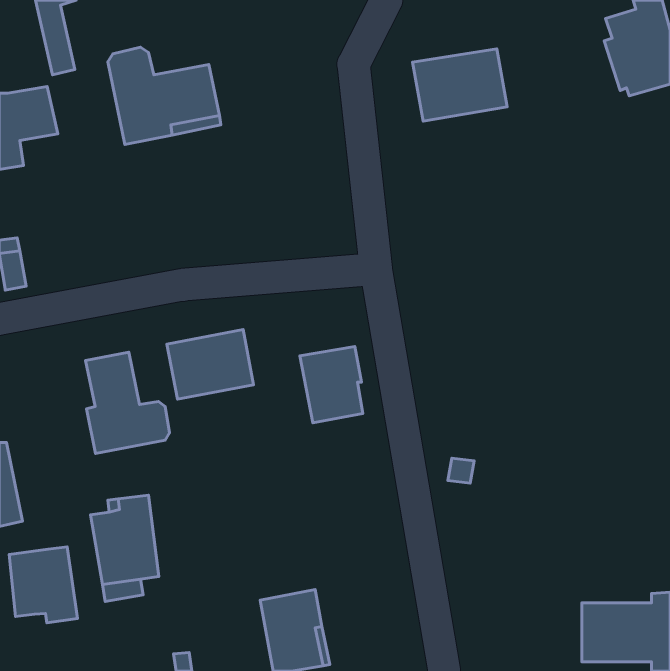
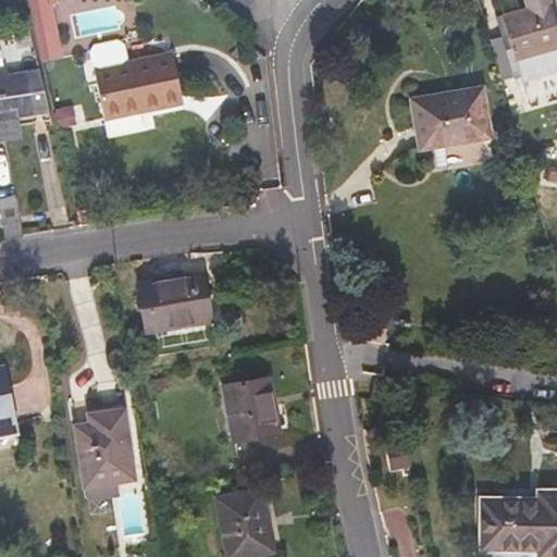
building: [413,49,507,121] -> [411,88,490,148]
building: [300,347,363,423] -> [223,377,275,441]
building: [86,352,170,454] -> none
building: [9,547,78,623] -> none

